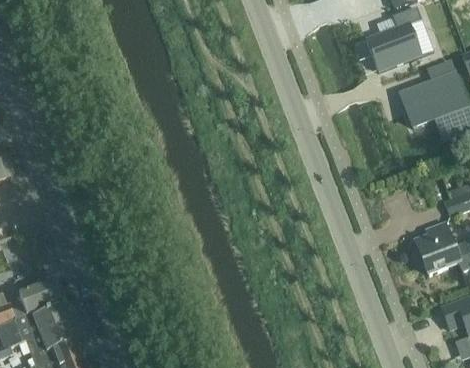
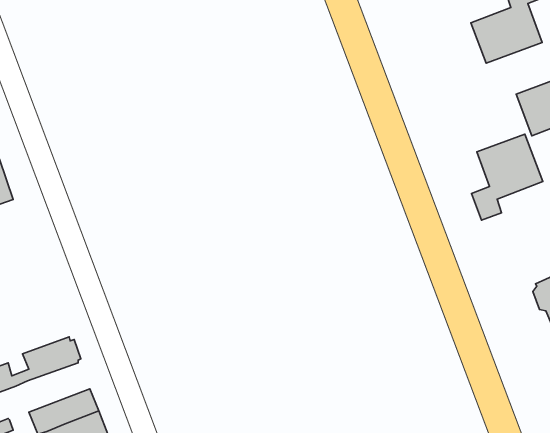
building: none -> [471,134,543,220]
building: [15,304,72,340] -> none

